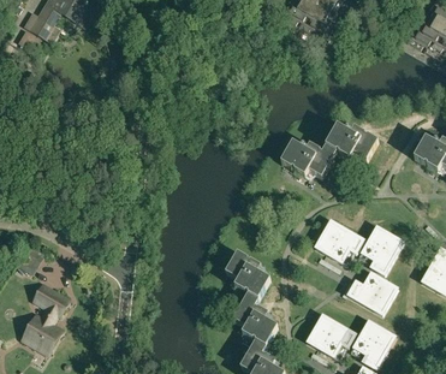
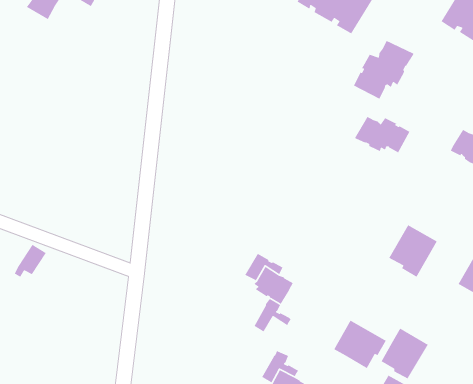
building: none -> [353,40,414,100]
building: [283,142,338,177] -> none
building: [315,219,364,265] -> none
building: [349,268,398,314] -> none
building: [24,285,69,352] -> none
building: [242,310,279,346] -> none

